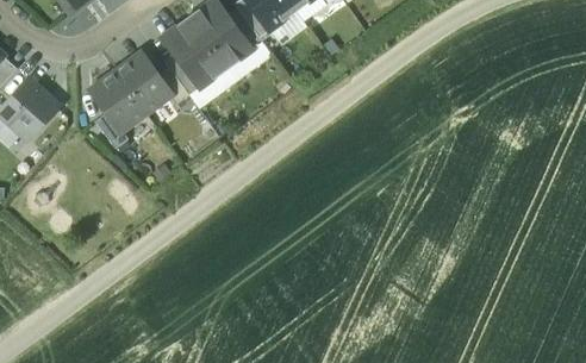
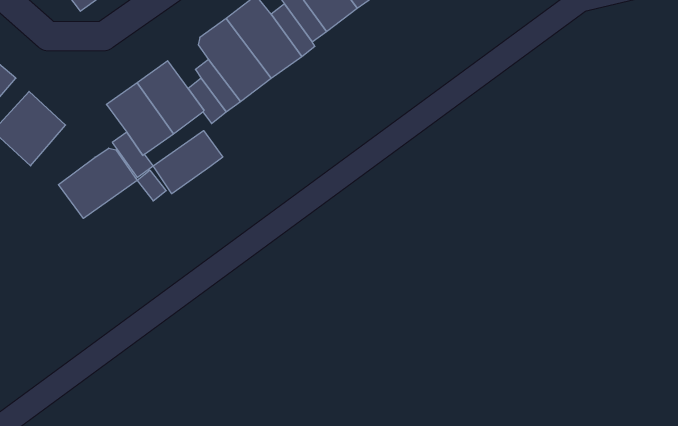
building: none -> [153,131,223,194]
building: none -> [58,148,137,218]

